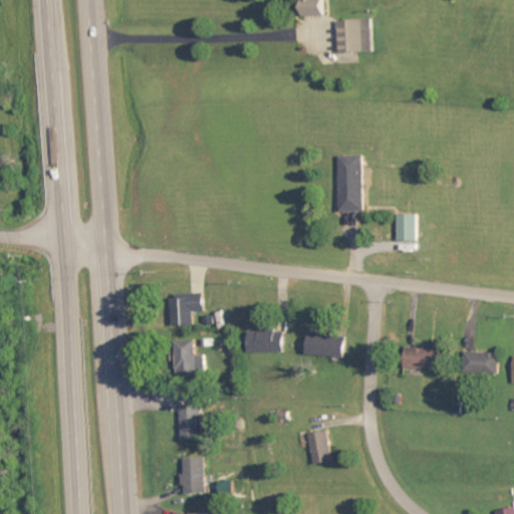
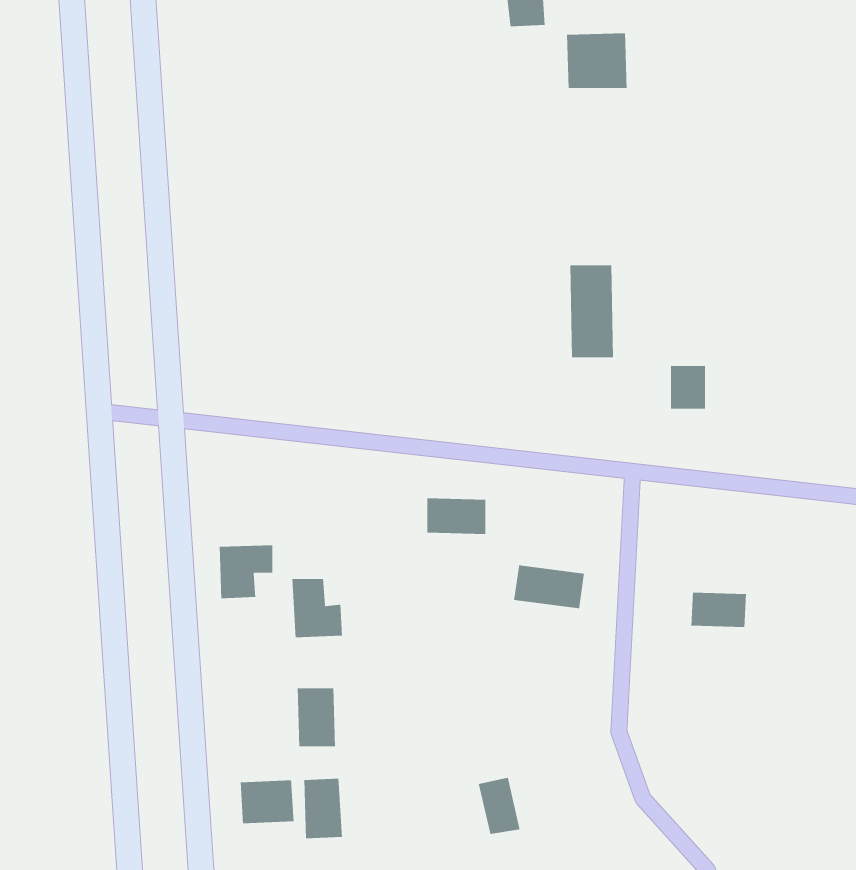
building: [169,294,201,326] -> [219,545,273,599]
building: [245,330,280,352] -> [426,497,486,535]
building: [460,351,497,374] -> none
building: [304,431,329,465] -> [478,777,521,835]
building: none -> [240,780,294,824]

